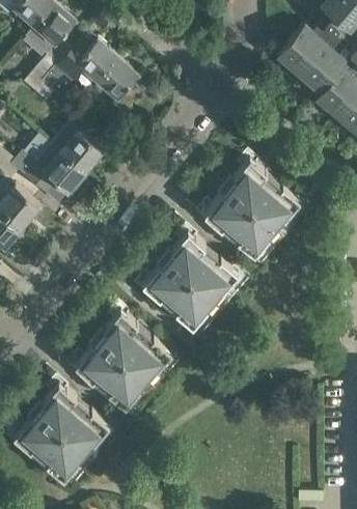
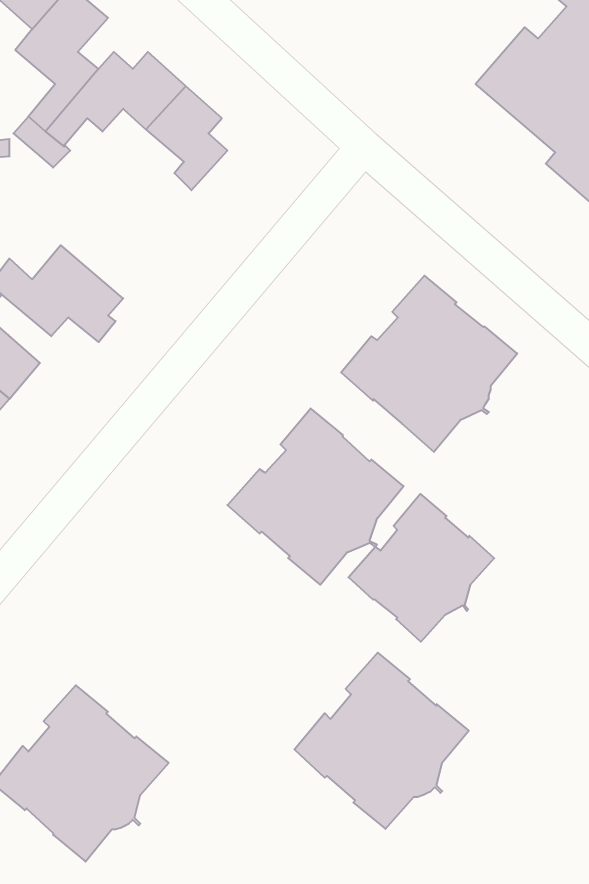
building: [50,123,102,173] -> none
building: none -> [348,494,494,642]
building: [75,312,170,408] -> [294,653,469,829]

